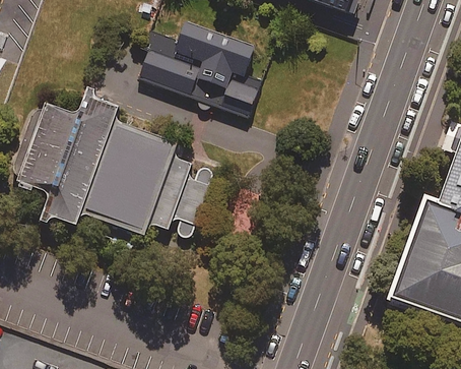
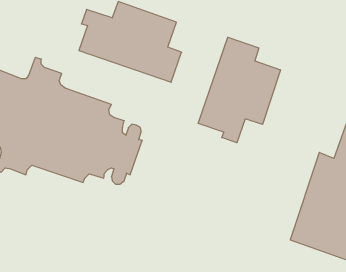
building: none -> [198,37,280,143]

